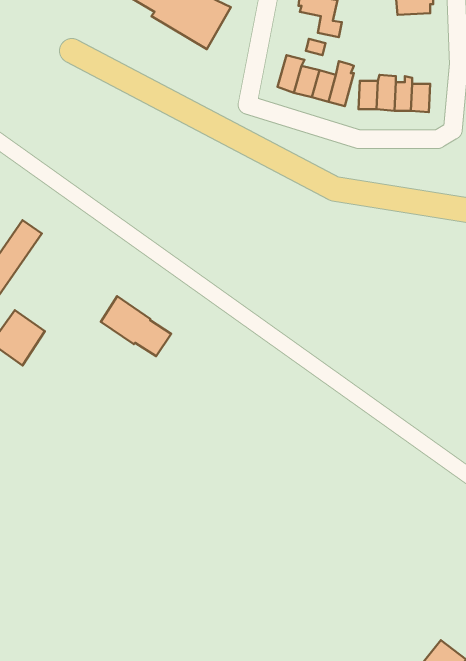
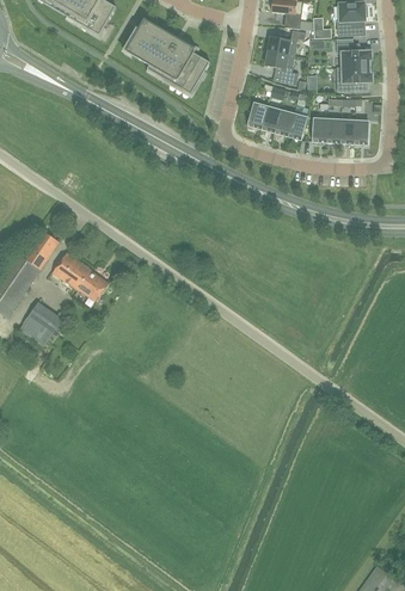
building: none -> [338,66,372,91]
building: [101,296,171,356] -> [53,252,109,300]

